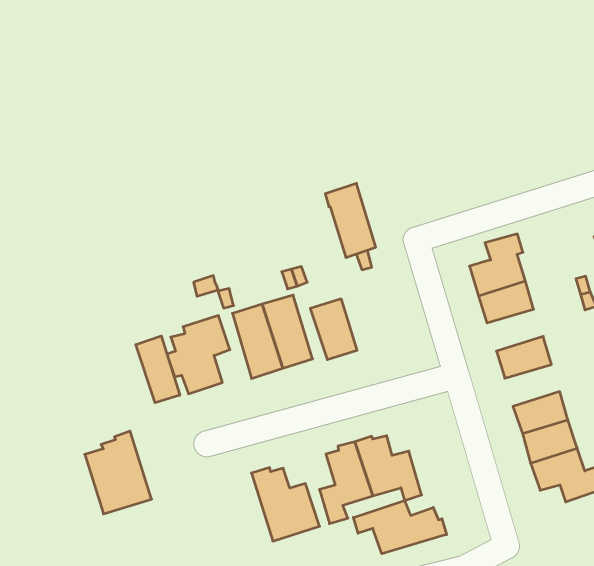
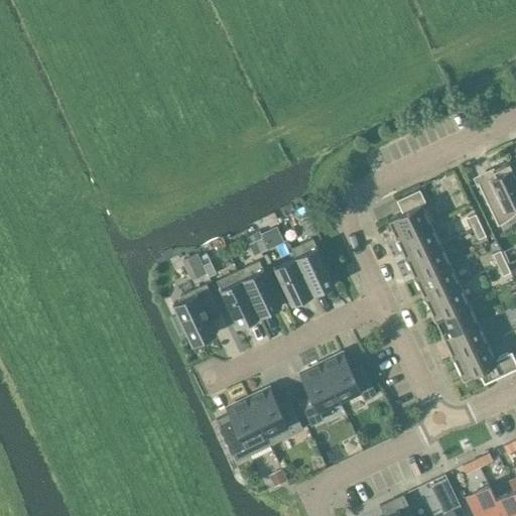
building: [325,183,376,258] -> [291,238,335,294]
building: none -> [407,245,450,280]
building: [136,336,180,403] -> none
building: none -> [426,284,469,319]
building: [85,431,152,514] -> [217,397,271,462]
building: [353,501,447,554] -> none

